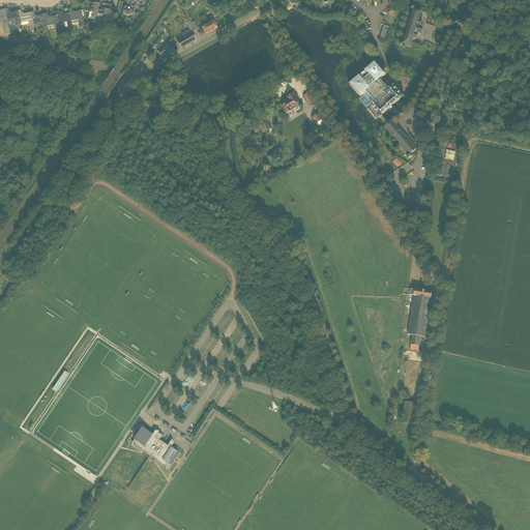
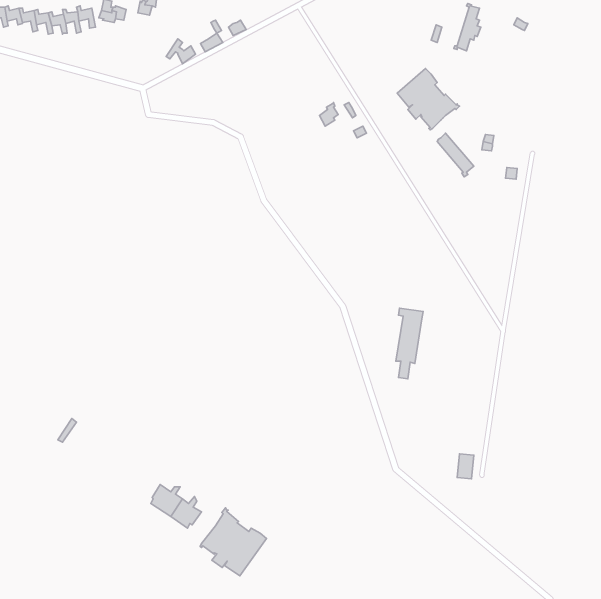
building: [407,286,431,348] -> [396,308,423,379]
building: none -> [200,508,267,576]

